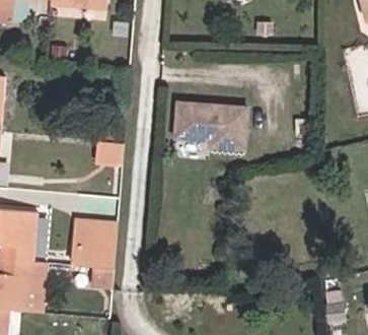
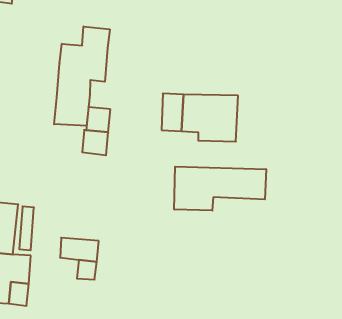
building: none -> [54,26,110,126]
building: none -> [174,167,266,211]
building: [77,221,116,249] -> none

